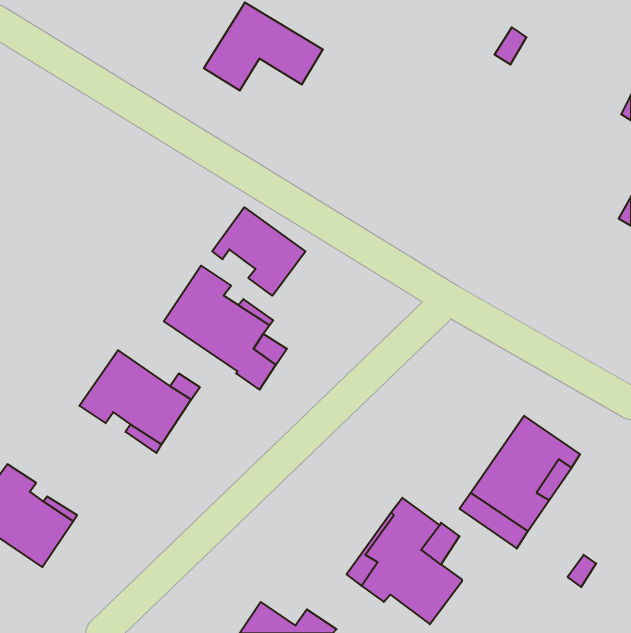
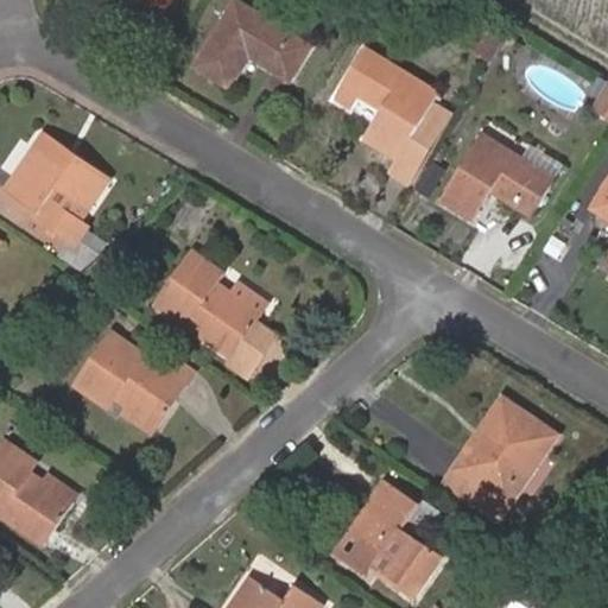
building: none -> [337,50,449,183]
building: none -> [442,135,551,218]
building: none -> [5,137,110,267]
building: [212,207,305,296] -> none

